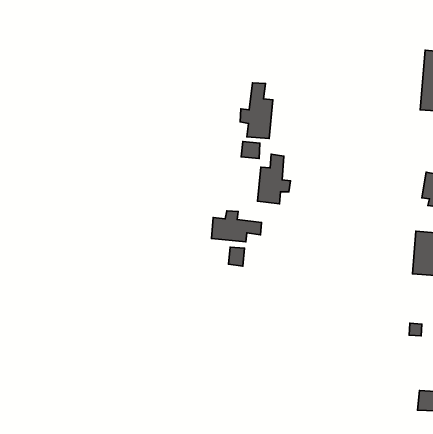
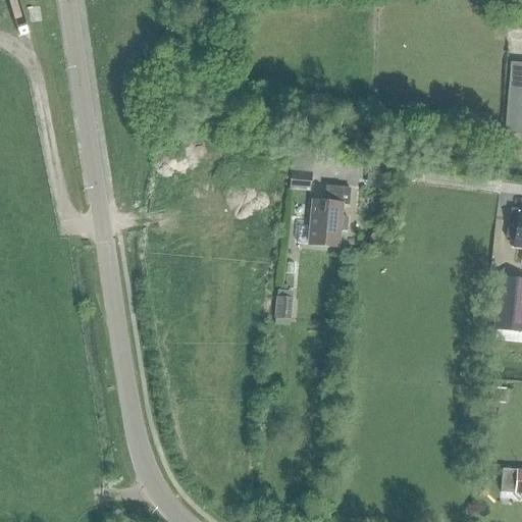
building: [240,83,273,139] -> none
building: [211,211,261,242] -> none

